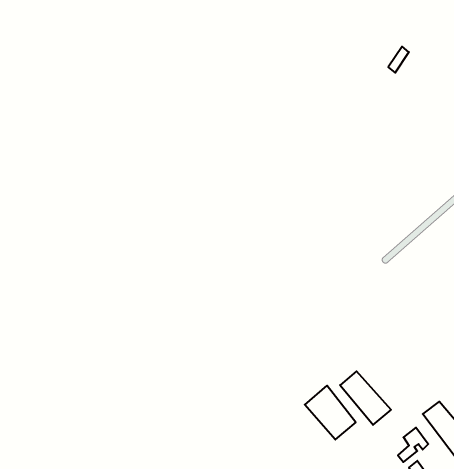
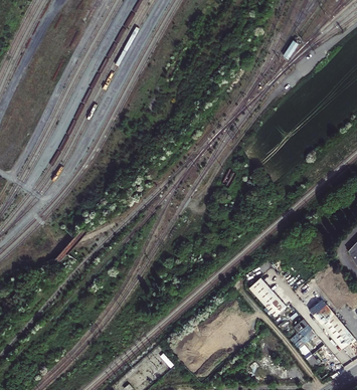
building: [305,386,356,440] -> none

